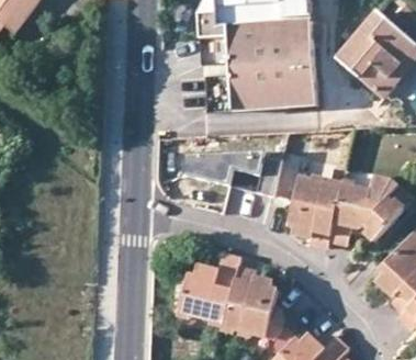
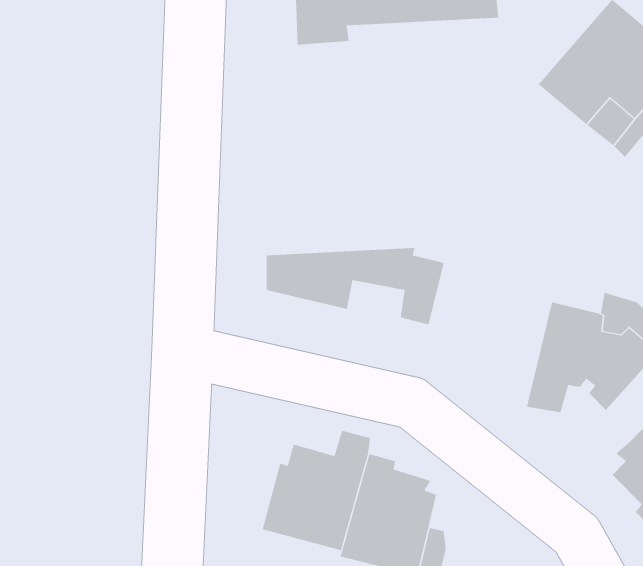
building: [226,21,316,109] -> none
building: [285,176,340,247] -> none

